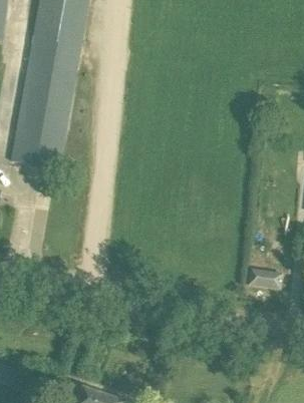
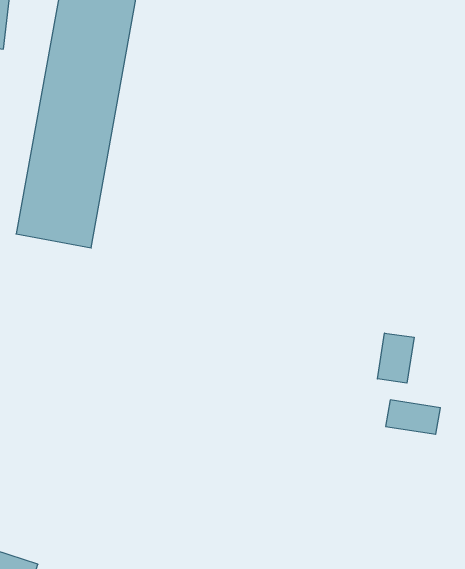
building: none -> [377,333,414,383]

